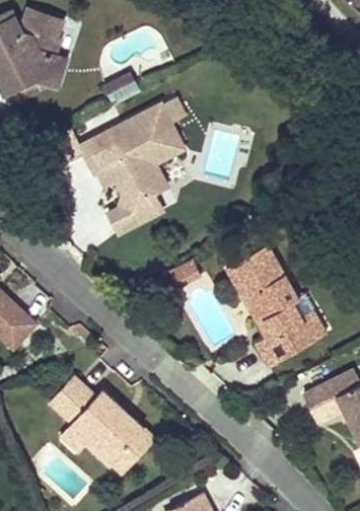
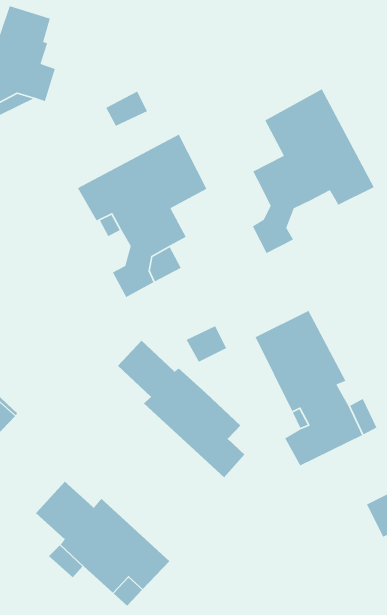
building: none -> [252,88,375,254]
building: none -> [117,340,245,478]

